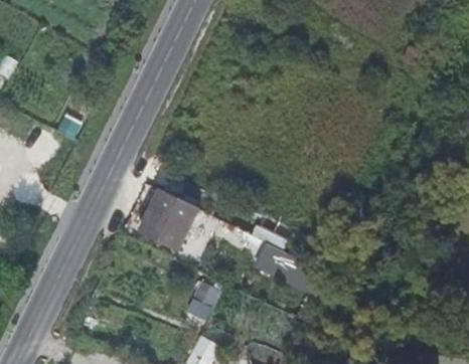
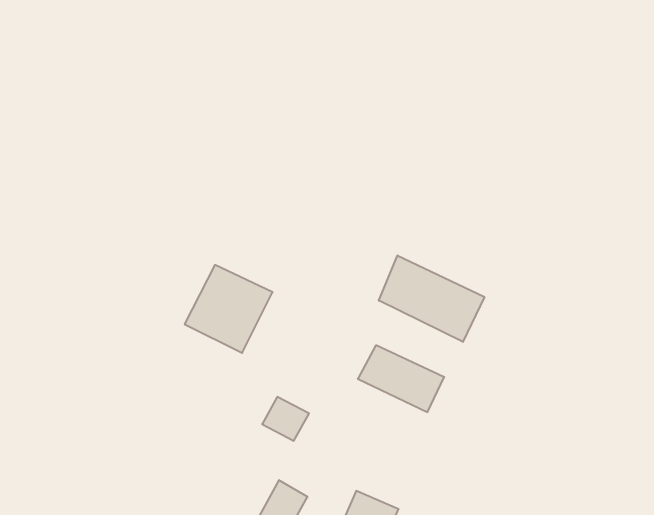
building: none -> [379,255,484,342]

